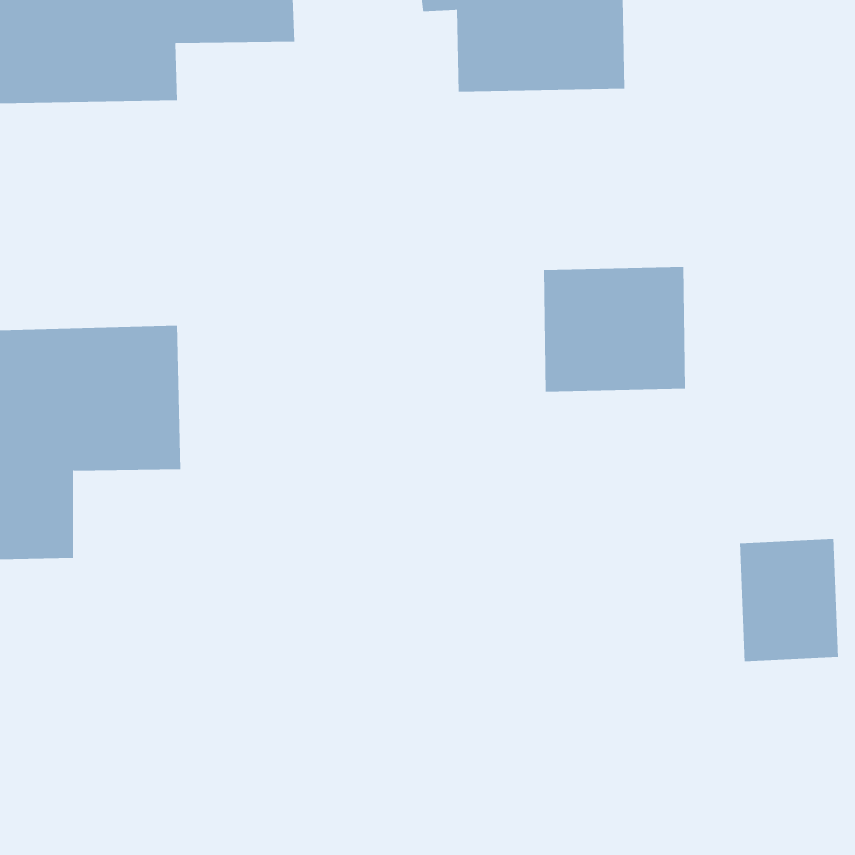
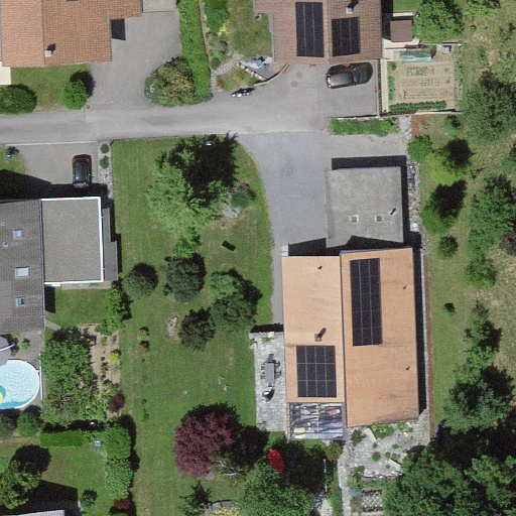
building: none -> [279,254,417,428]
building: [740,538,838,662] -> none

